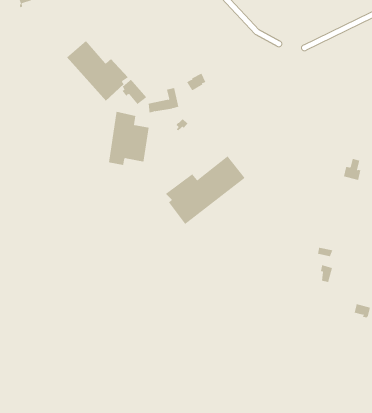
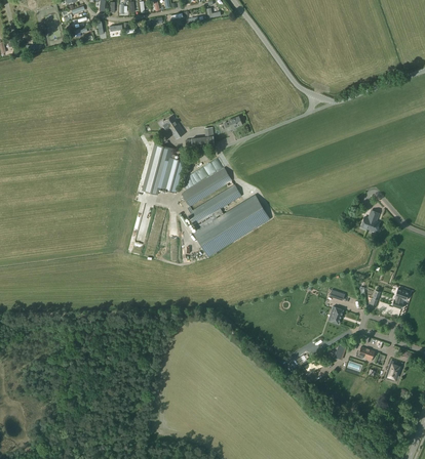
building: [66,40,129,101] -> none
building: none -> [179,167,240,225]

